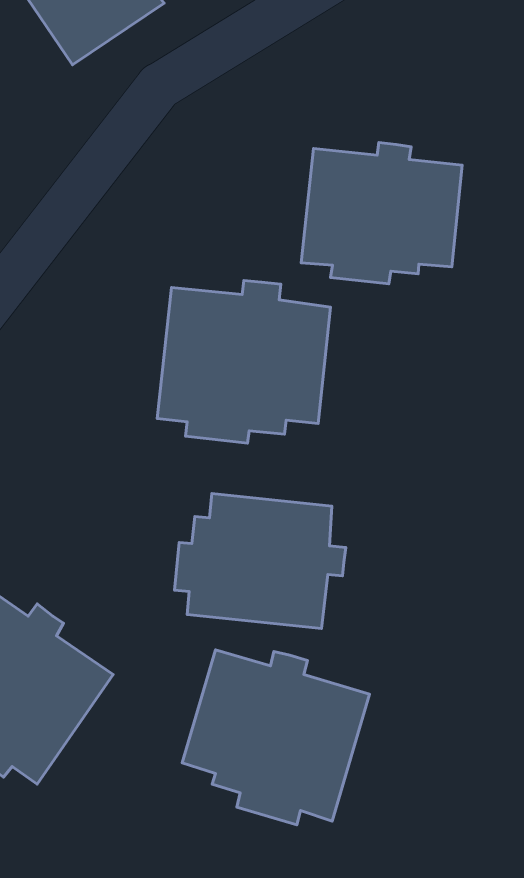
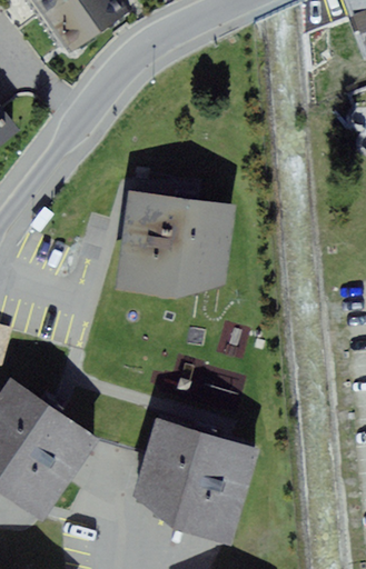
building: [301,143,462,284] -> none
building: [175,493,346,629] -> none

